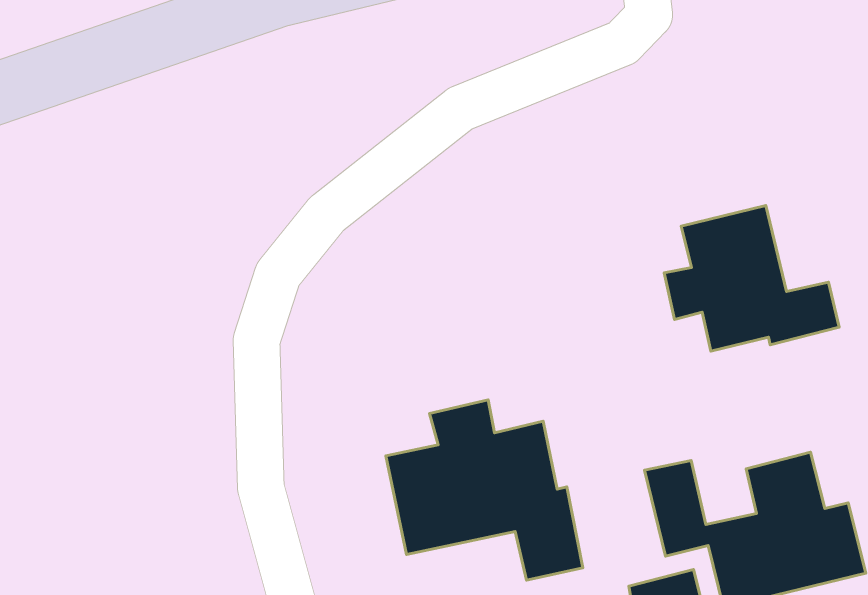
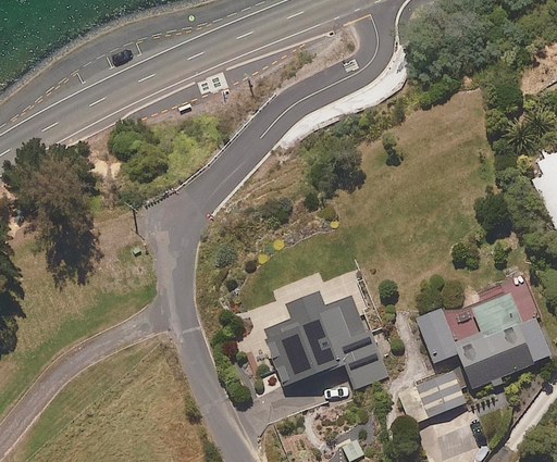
building: [664,205,839,351] -> none

